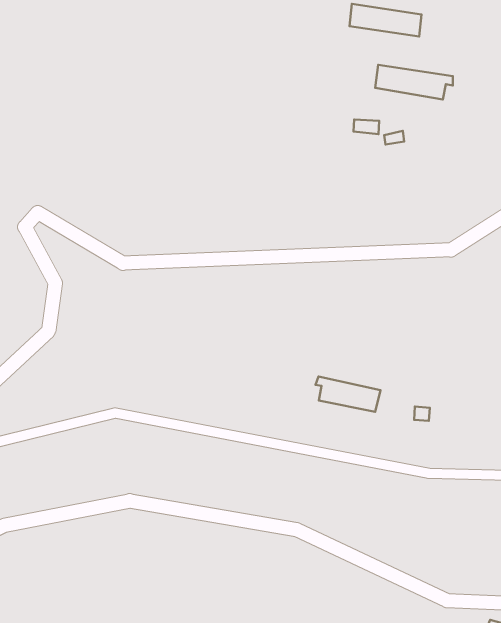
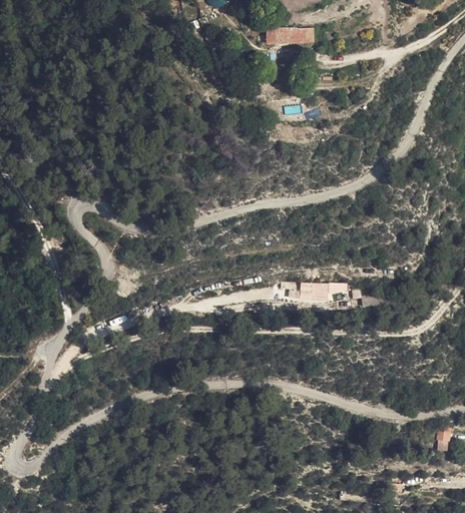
building: [375,65,453,100] -> none

